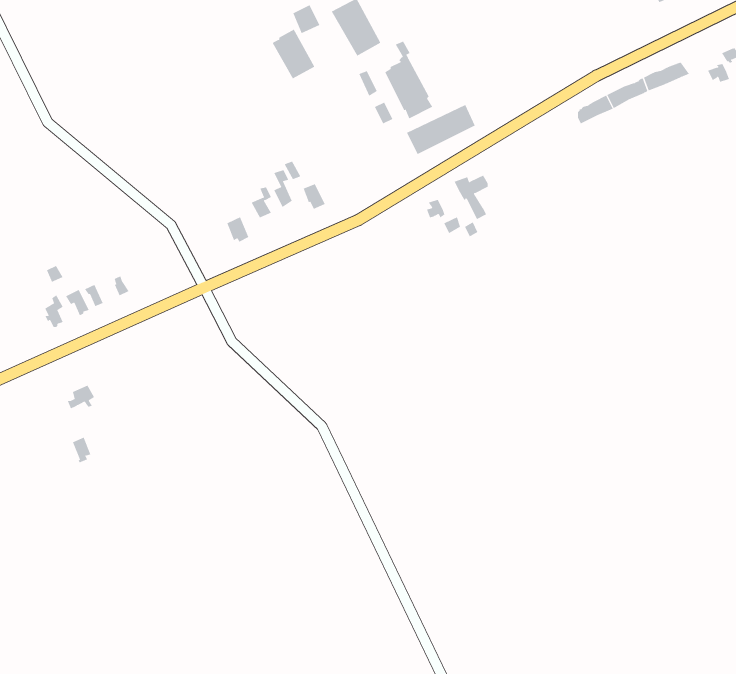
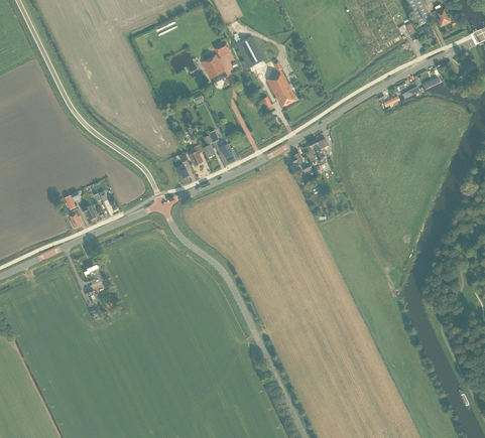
building: [406,104,475,155] -> none

